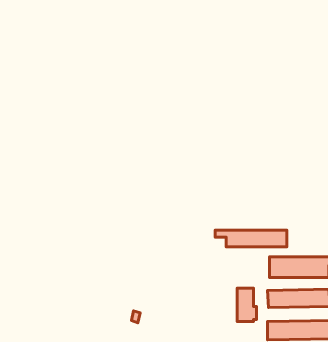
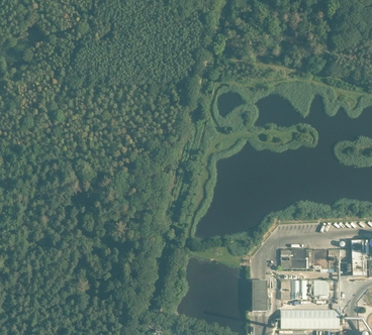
building: [215,230,287,247] -> none

